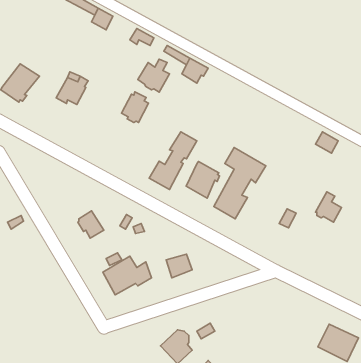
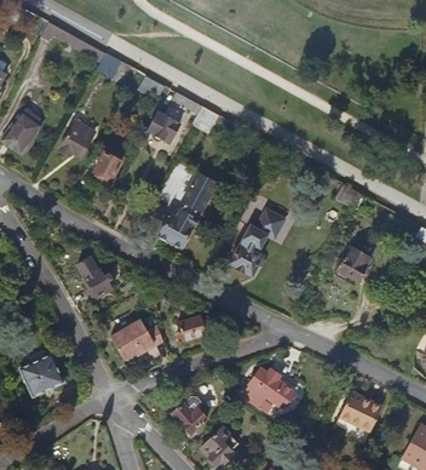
building: [121,92,149,122] -> [93,148,122,180]
building: [186,162,220,198] -> none
building: none -> [17,346,65,397]
building: none -> [242,367,293,412]

